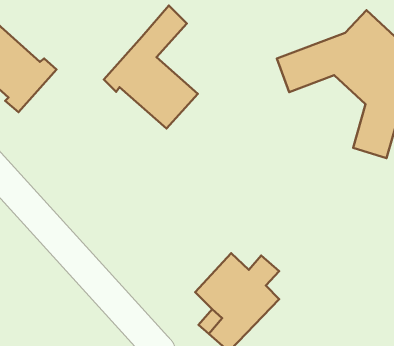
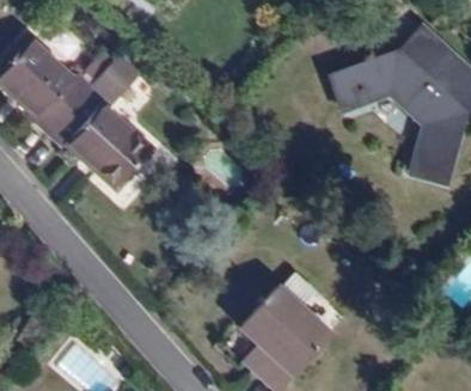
building: [104,6,198,129] -> [51,55,152,187]

